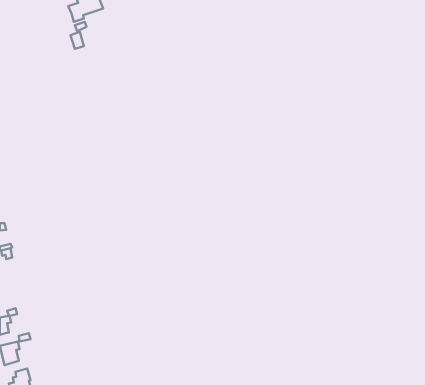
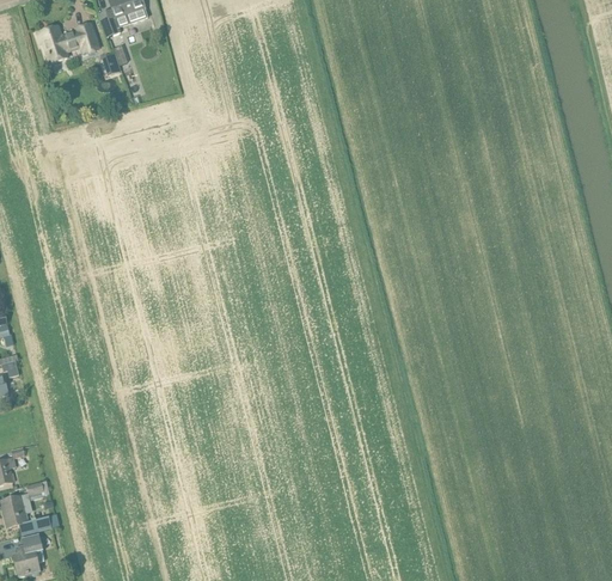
building: none -> [37,22,99,61]

